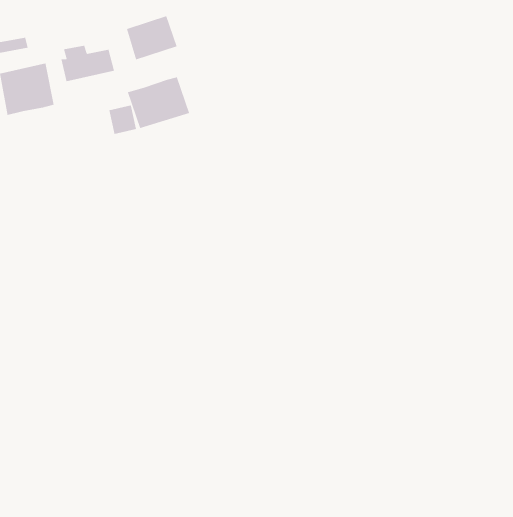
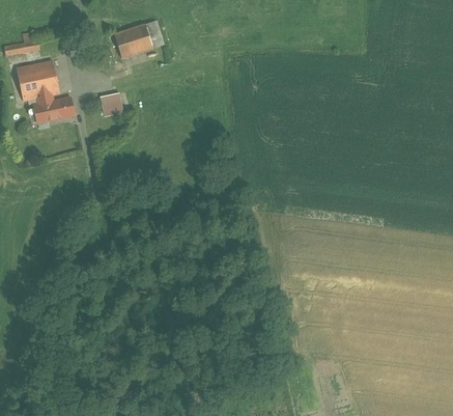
building: [61,45,115,82] -> [33,94,75,122]
building: [127,76,190,129] -> none

